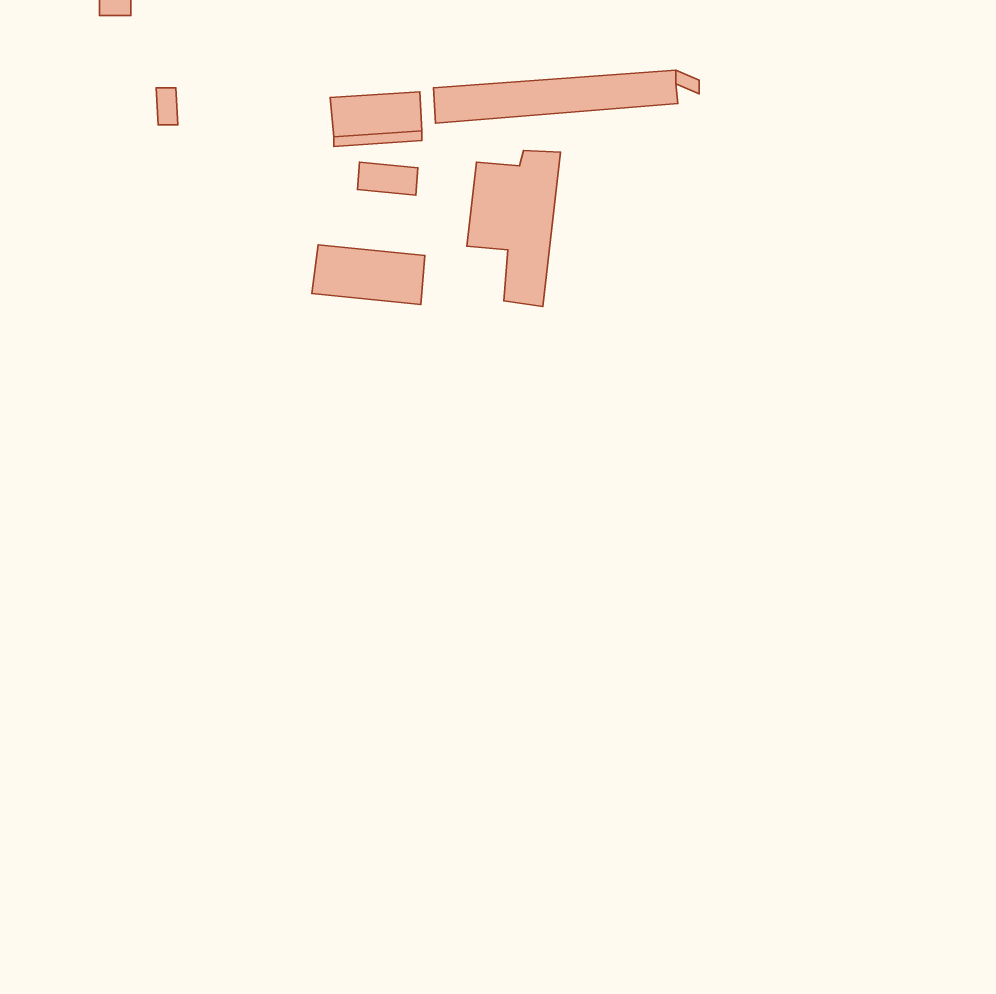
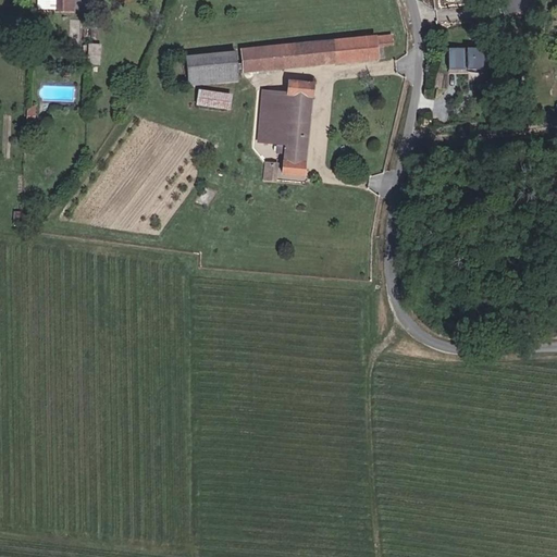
building: none -> [446,44,483,65]
building: [312,245,425,304] -> none

